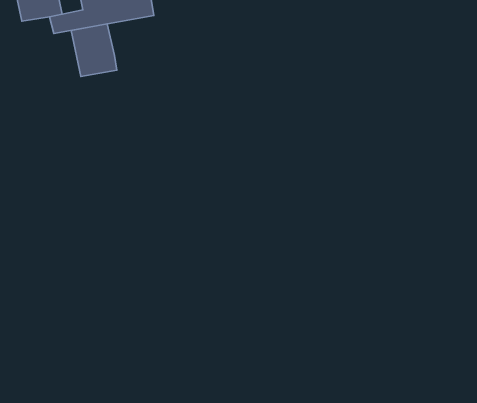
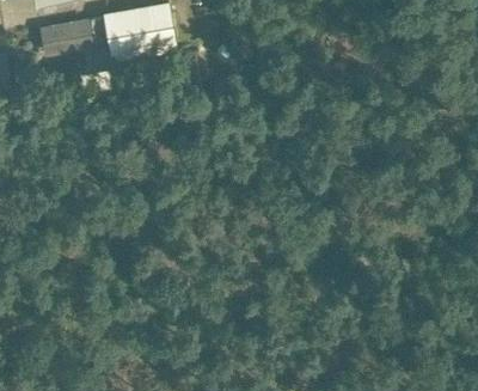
building: [71,24,117,77] -> none

